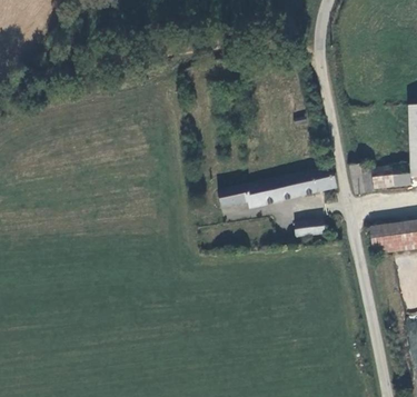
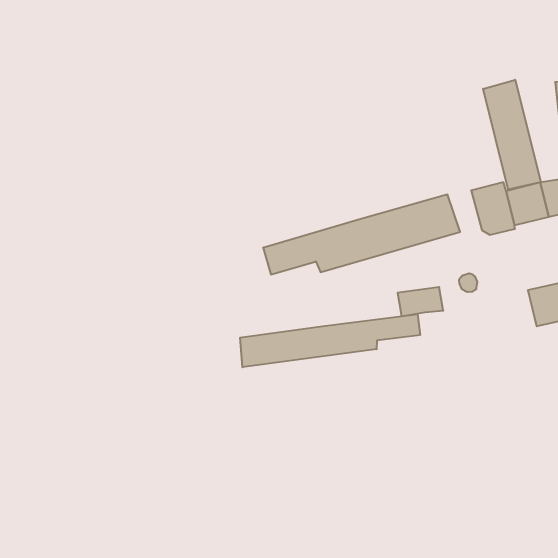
building: none -> [483,80,541,190]
building: none -> [240,314,420,367]

